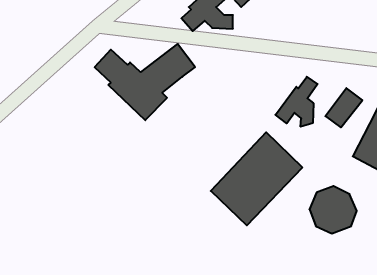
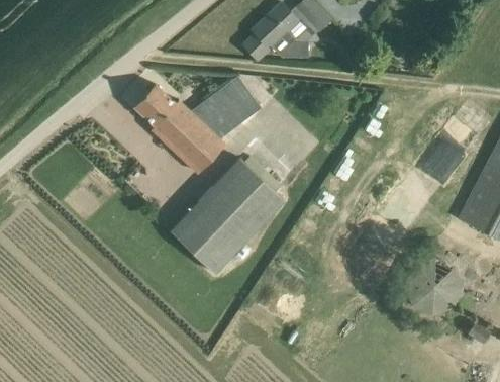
building: [275,77,318,127] -> none
building: [211,132,302,225] -> [170,157,285,274]

